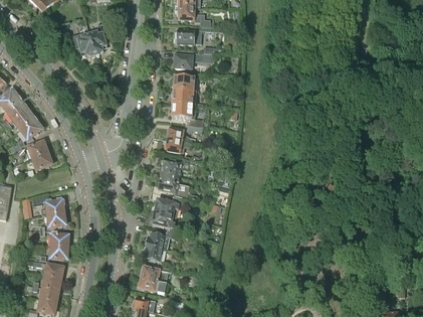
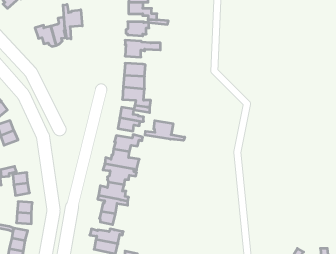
building: none -> [63,4,82,39]
building: none -> [145,121,185,140]

